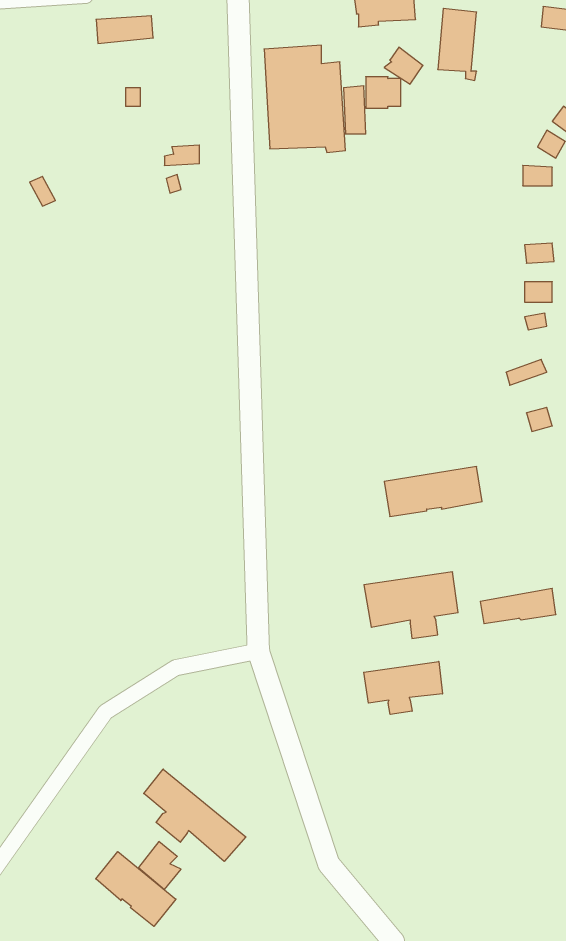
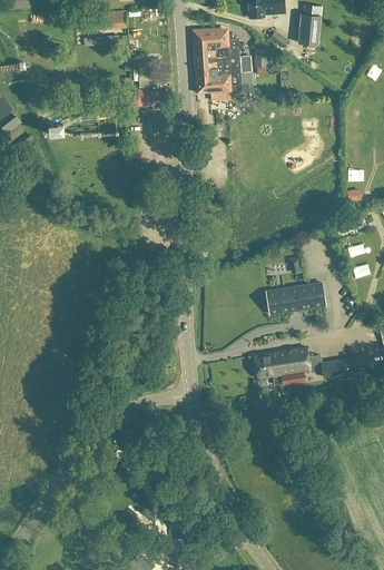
building: [364,661,442,714] -> none
building: [144,769,246,861] -> none
building: [96,852,176,926] -> none

